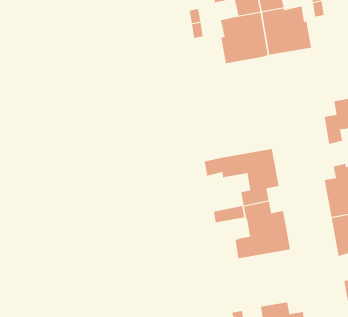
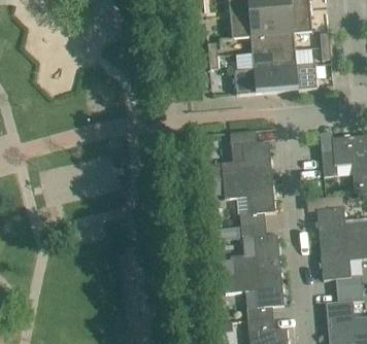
building: none -> [206,129,272,181]
building: none -> [224,269,285,318]

